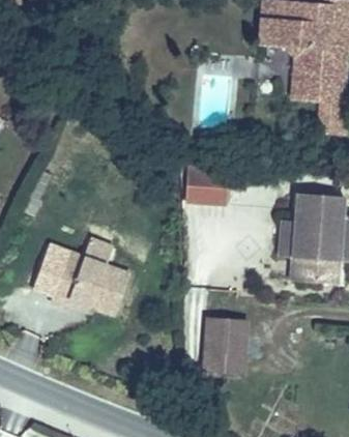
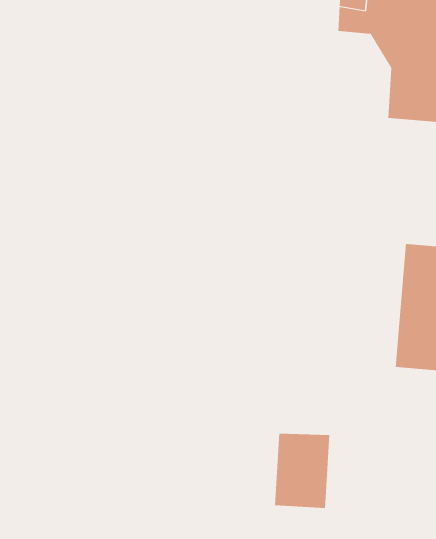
building: [184,166,229,204] -> none
building: [46,241,130,308] -> none

